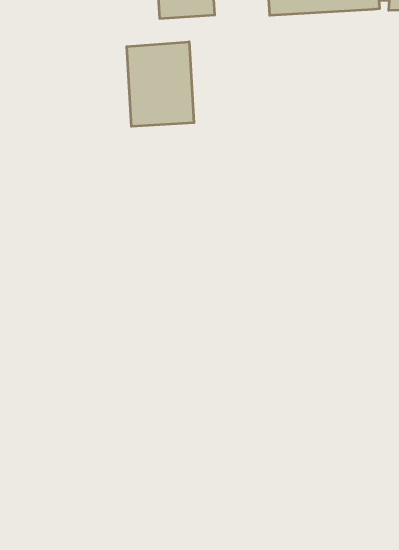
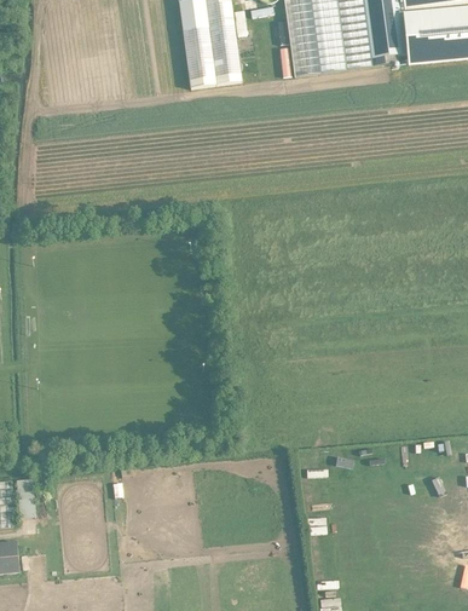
building: [127,42,194,126] -> none

